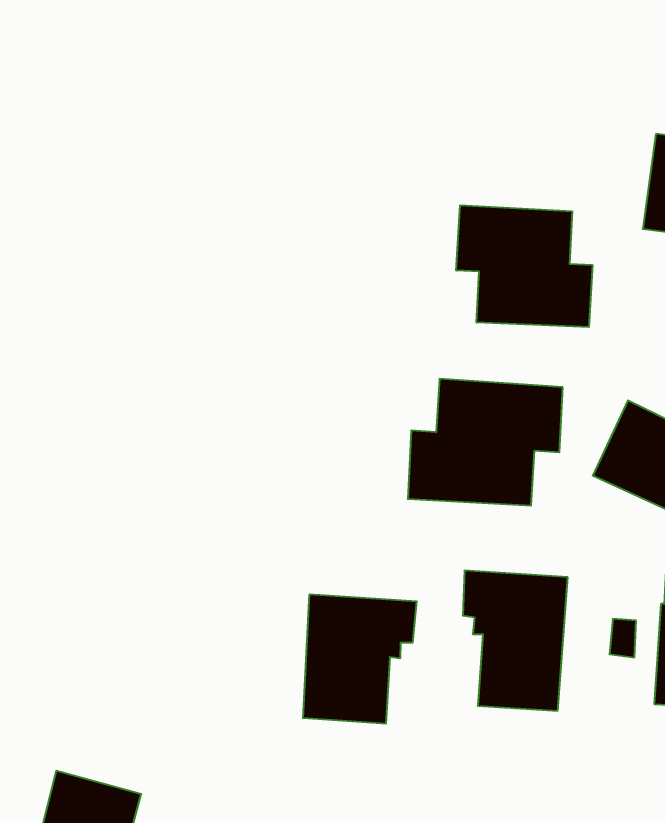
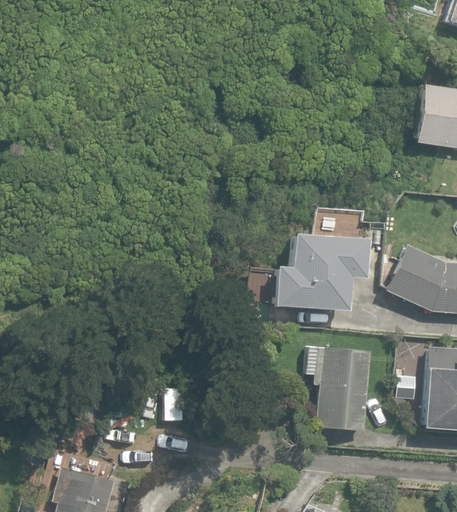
building: [456,205,592,327] -> none
building: [303,594,417,724] -> none

